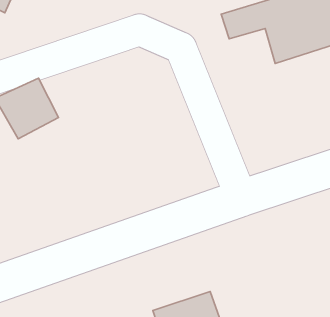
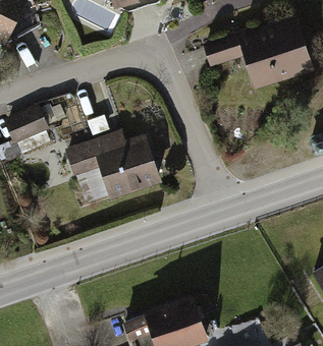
building: none -> [62,130,159,200]

